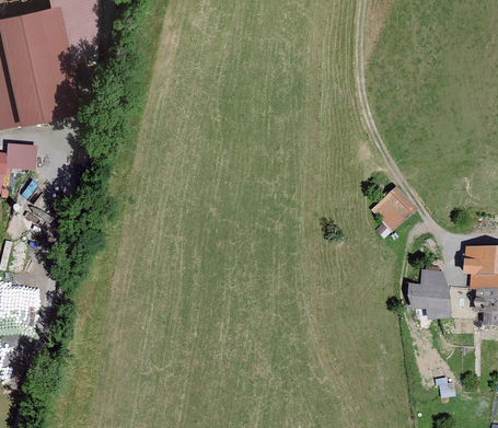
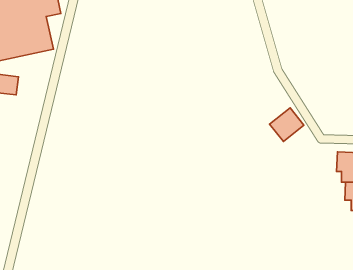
building: [407,271,450,320] -> none

